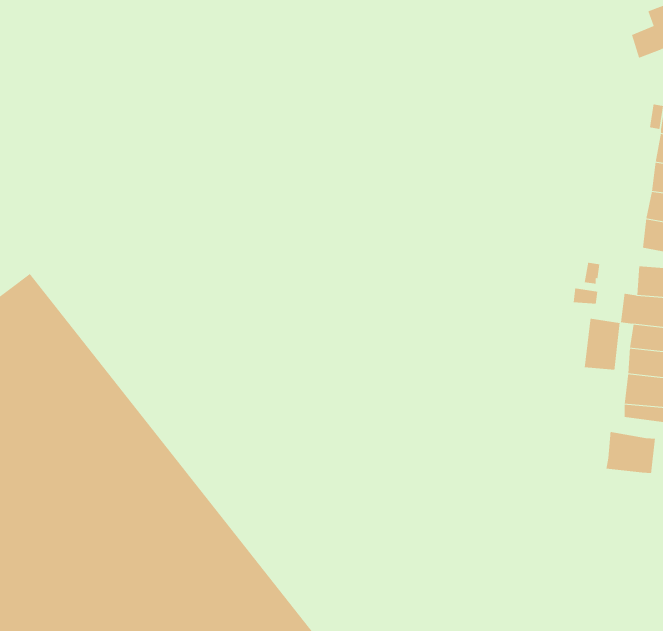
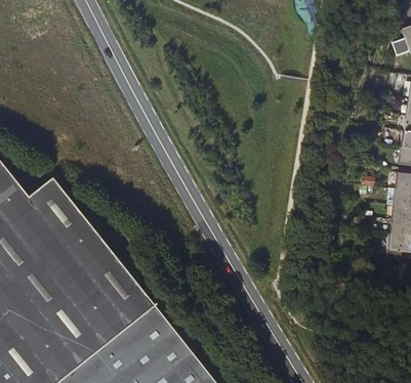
building: [584,318,620,370] -> none
building: [606,431,655,474] -> none

